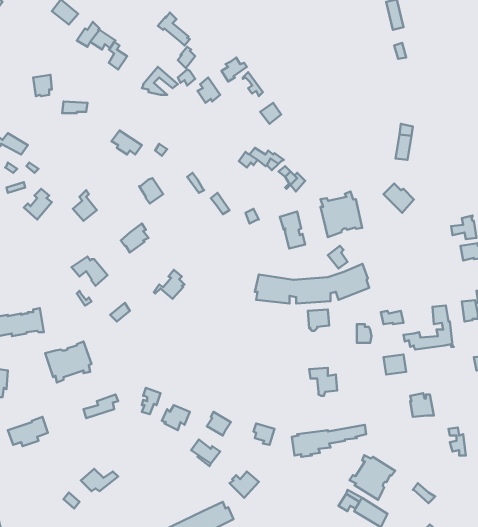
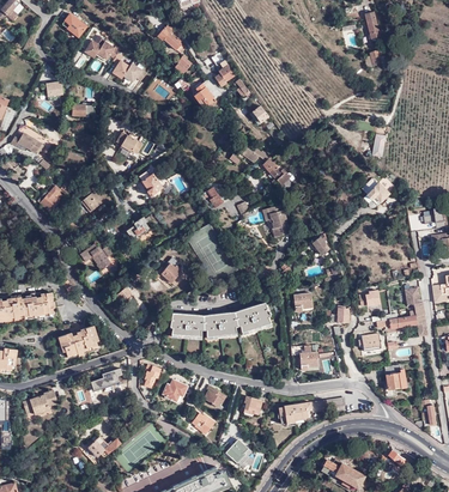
building: [320,192,362,237] -> none
building: [255,264,369,304] -> [169,302,272,338]
building: [349,455,395,500] -> none

